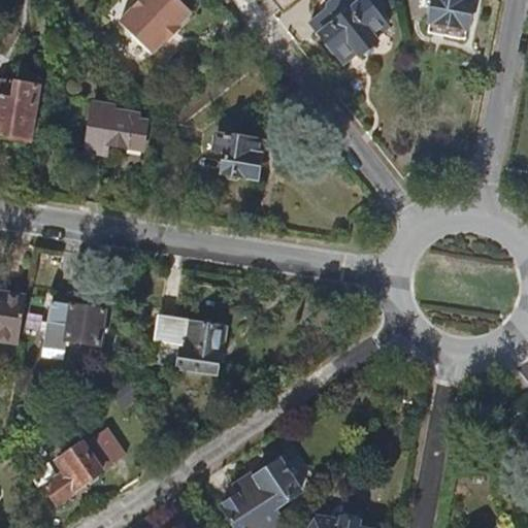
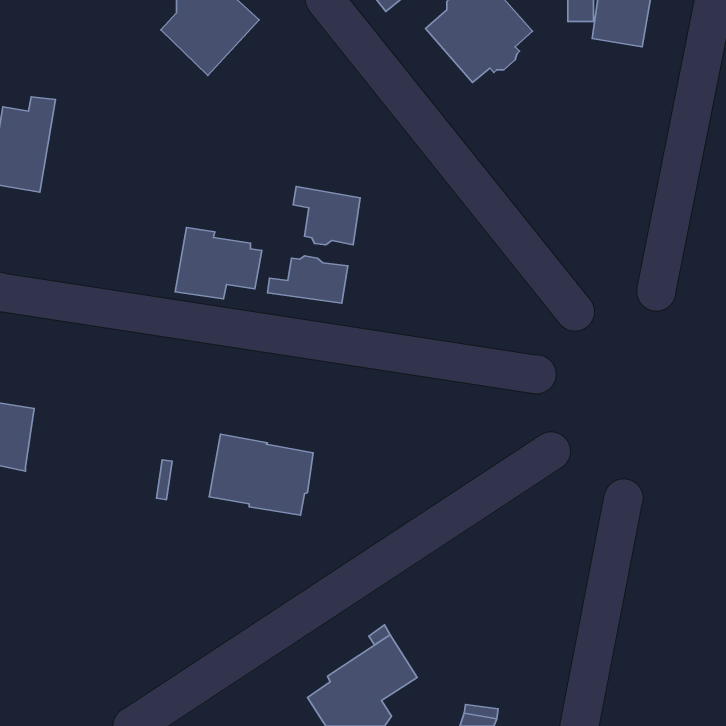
building: [84,100,146,152] -> [175,228,262,299]
building: none -> [267,256,348,303]
building: [45,302,106,349] -> none
building: [45,437,113,503] -> none

